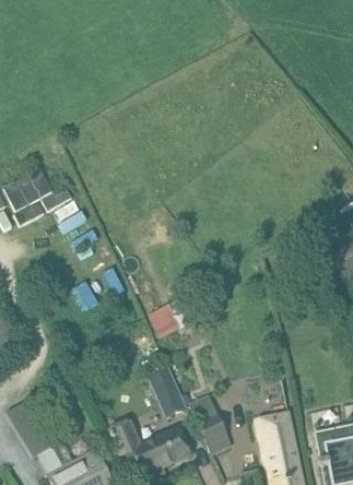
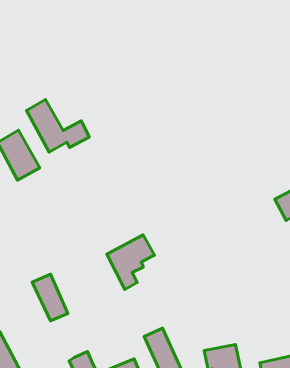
building: none -> [27,100,89,152]
building: [146,365,185,415] -> [32,274,68,321]

